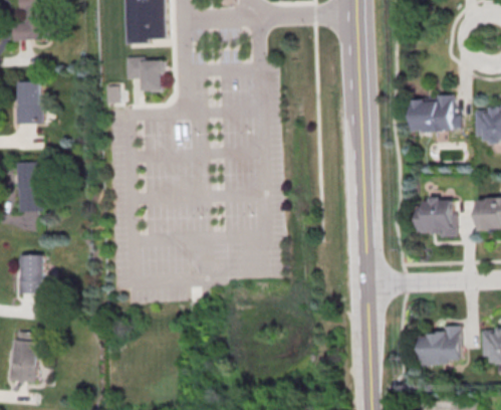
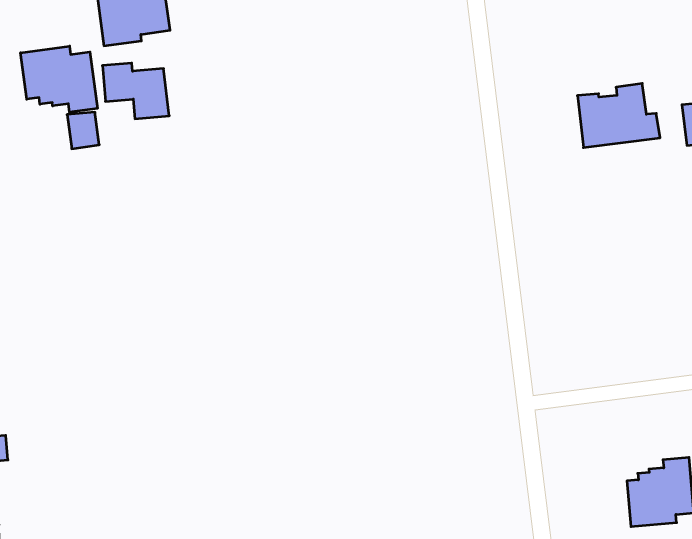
building: none -> [21,46,97,112]
building: [419,198,459,237] -> none

